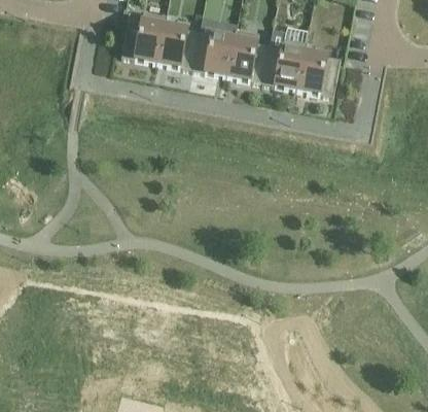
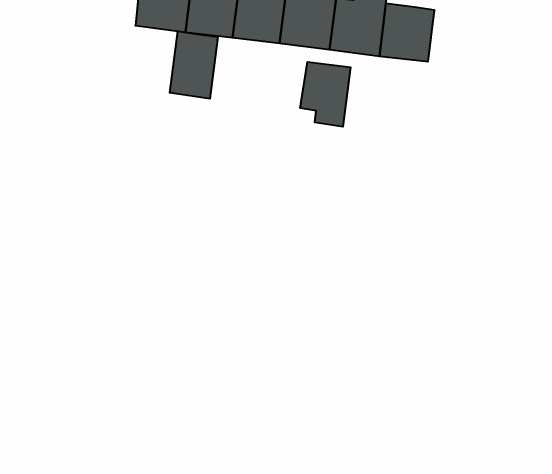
building: none -> [170,31,218,99]
building: none -> [300,62,351,127]

